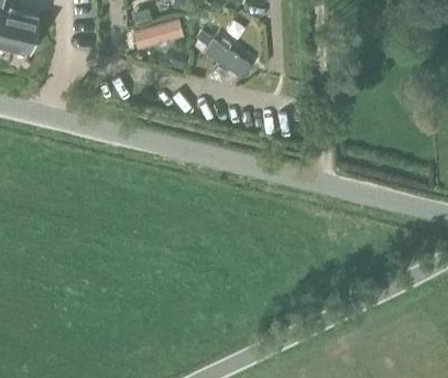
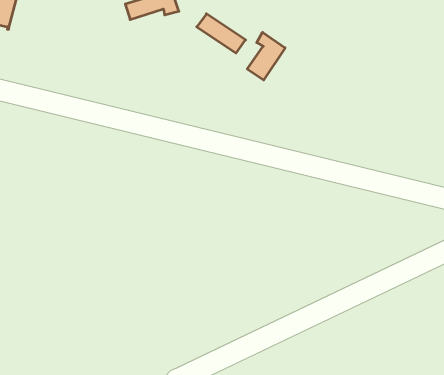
building: none -> [247,32,285,80]

